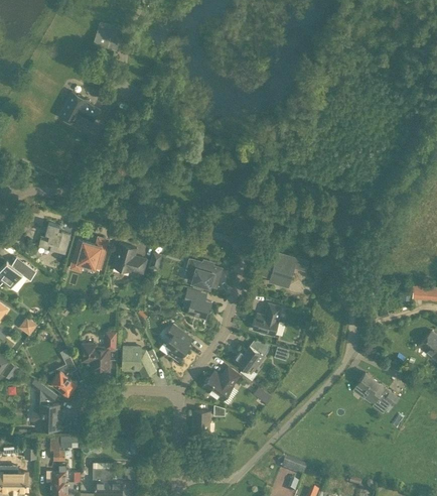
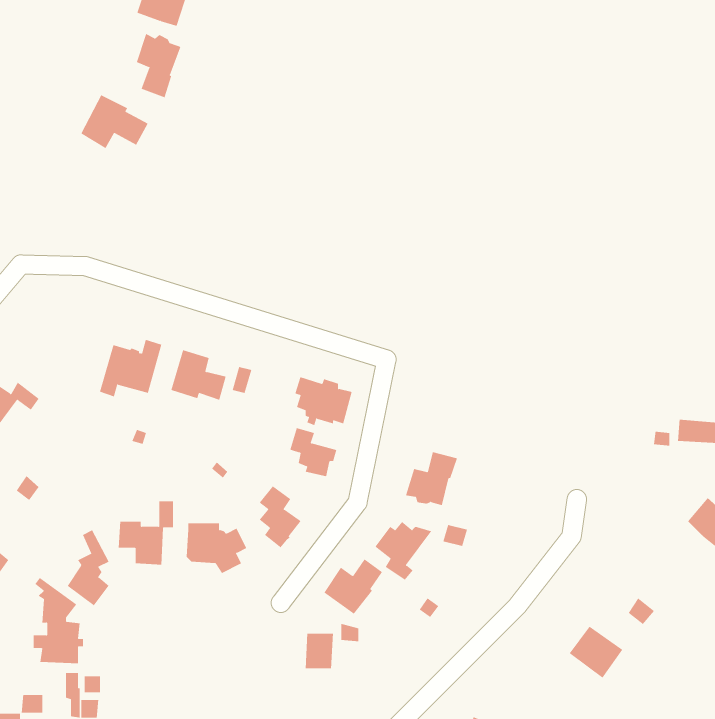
building: none -> [136,33,181,98]
building: [38,223,70,255] -> none
building: [260,256,307,287] -> none
building: [352,373,385,404] -> [569,626,623,679]

